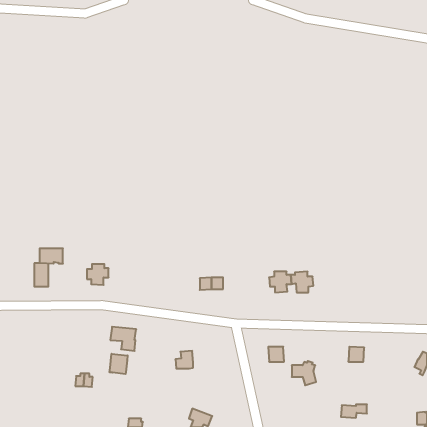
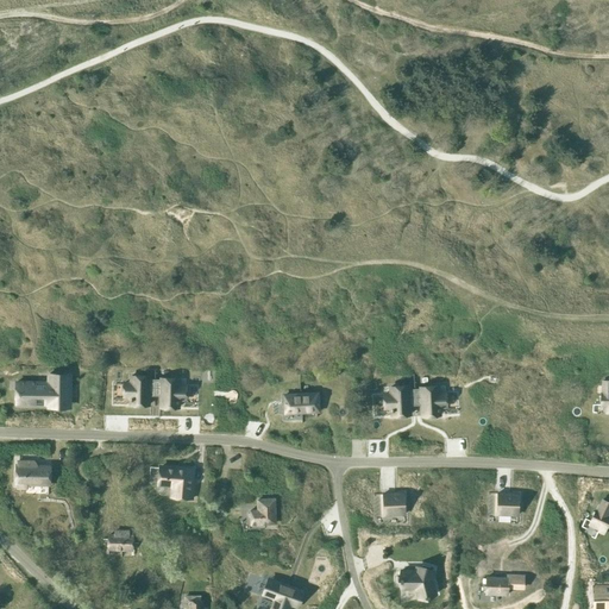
building: [40,248,63,264] -> [15,383,49,404]
building: none -> [155,378,186,408]
building: none -> [15,462,49,489]
building: [110,354,128,374] -> none
building: [292,361,316,385] -> [400,565,434,599]

